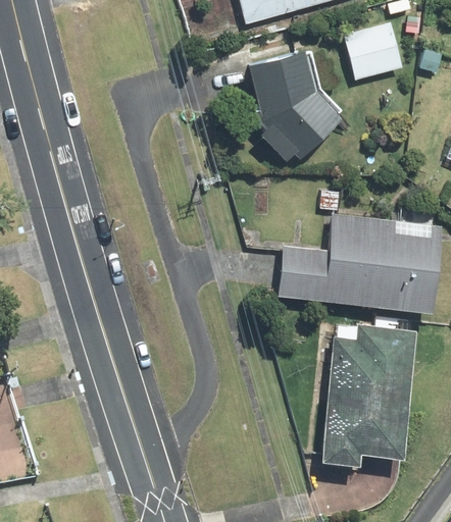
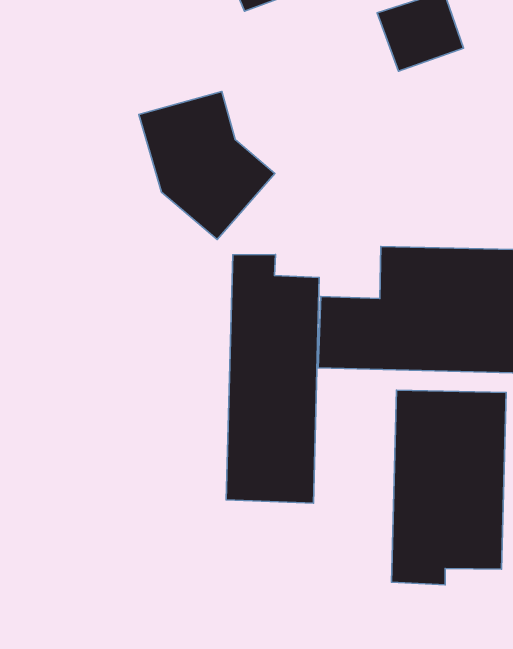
building: [246,51,344,161] -> [139,91,275,240]
building: none -> [226,255,319,503]

